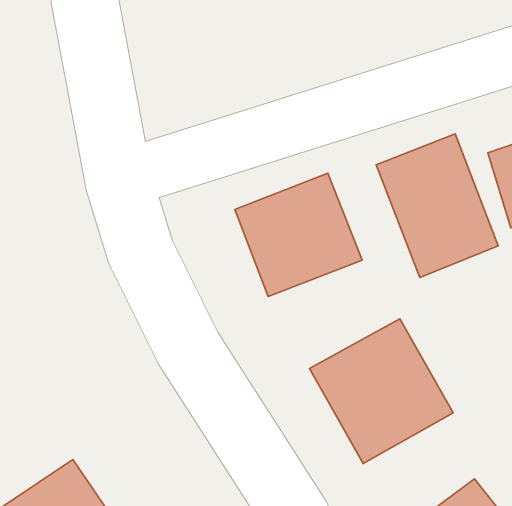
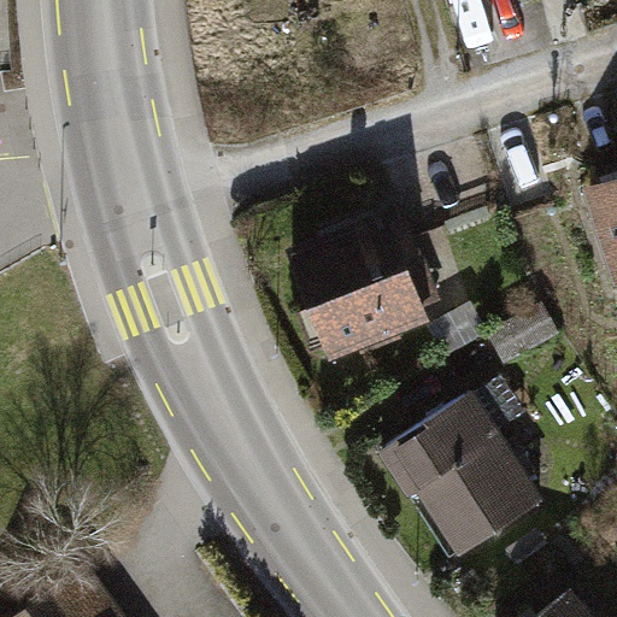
building: [376,134,498,278] -> none

